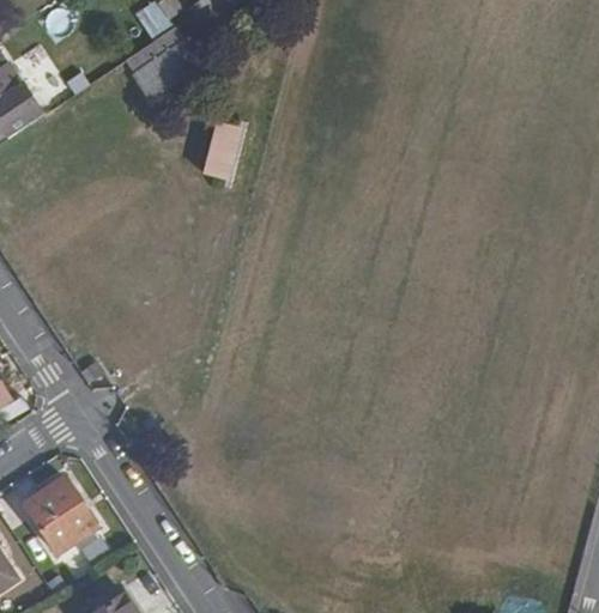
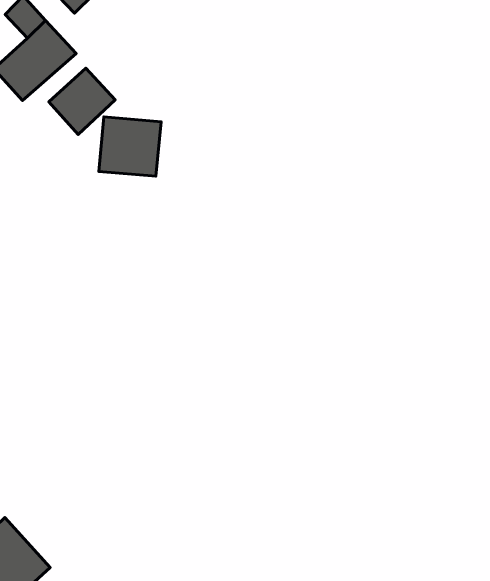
building: none -> [49,68,115,135]

